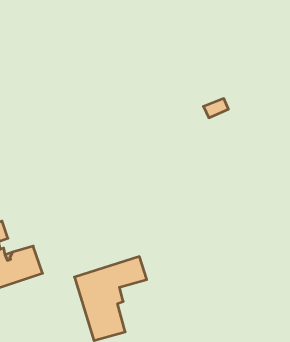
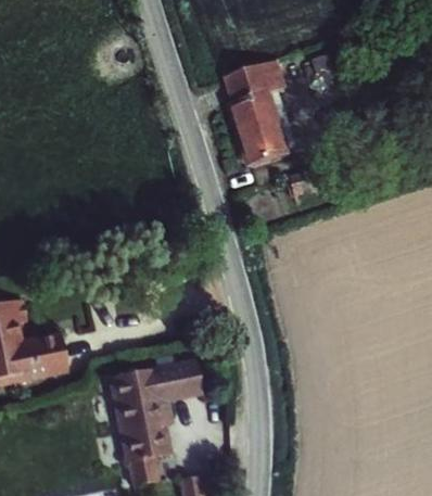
building: none -> [225,68,288,167]

